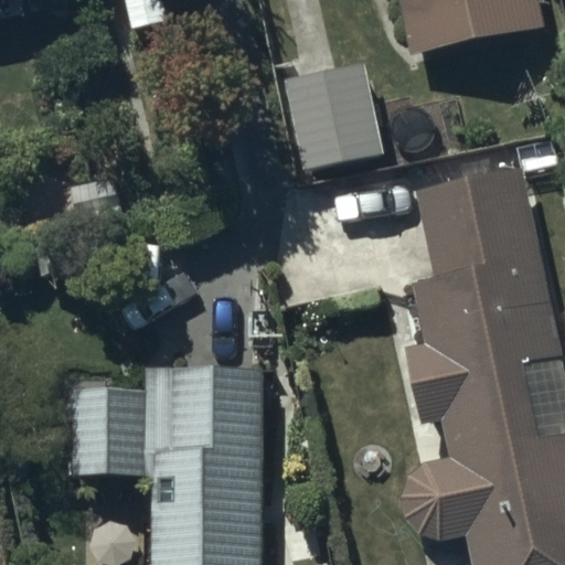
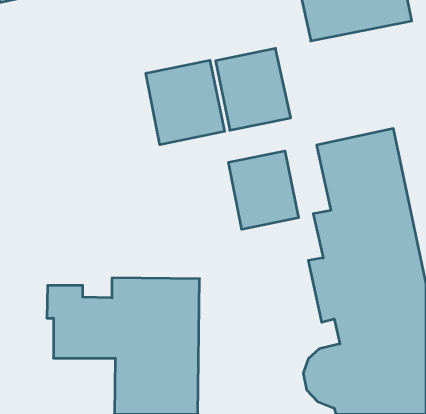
building: none -> [146,60,225,145]
building: none -> [229,151,299,229]

